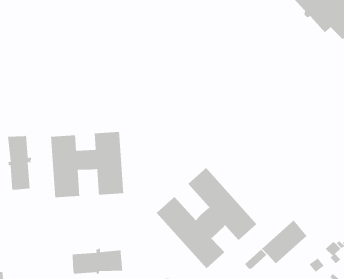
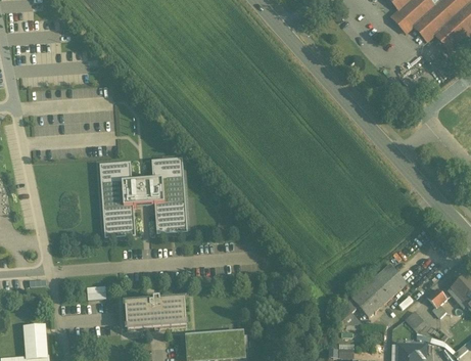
building: [7,135,32,190] -> none
building: [156,167,257,269] -> none

